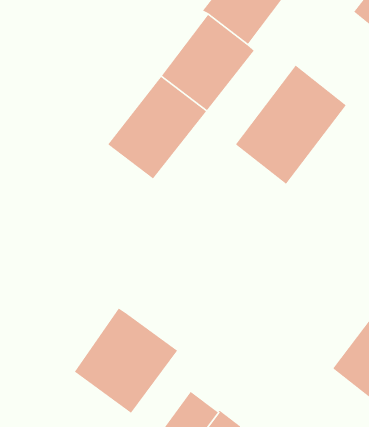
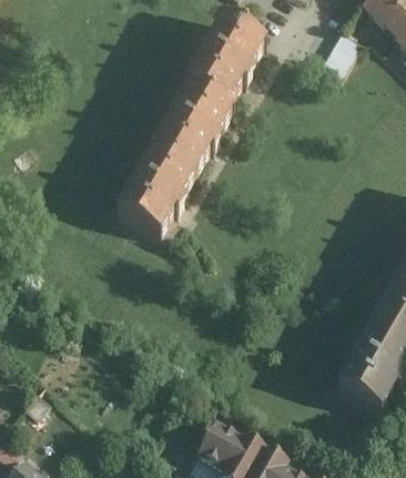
building: [235,65,347,185] -> none
building: [74,308,178,414] -> none

